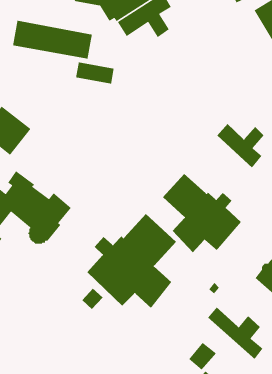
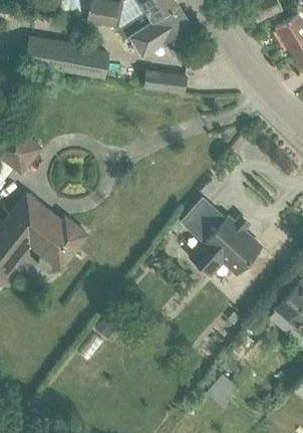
building: [75,62,115,85] -> [146,70,188,94]
building: [216,123,265,169] -> none
building: [87,213,177,309] -> none
building: [207,306,263,360] -> none

